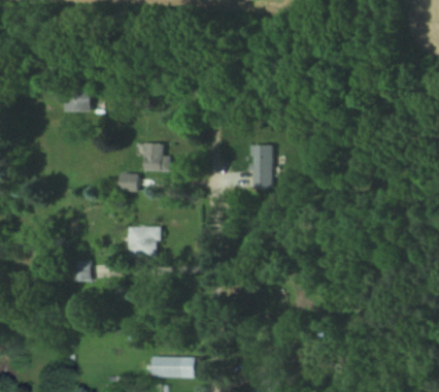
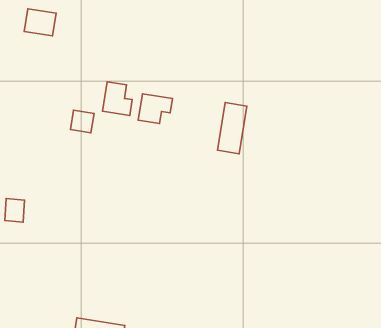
building: none -> [138,94,172,124]
building: [129,227,160,257] -> none

